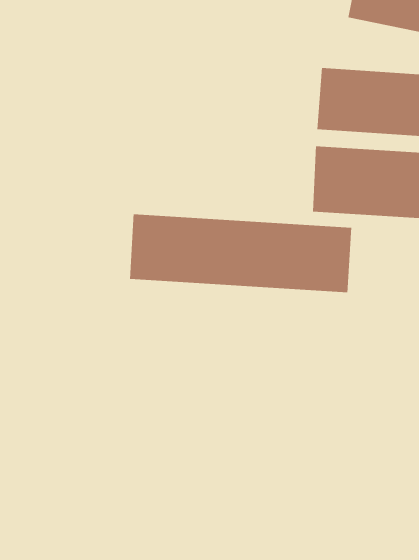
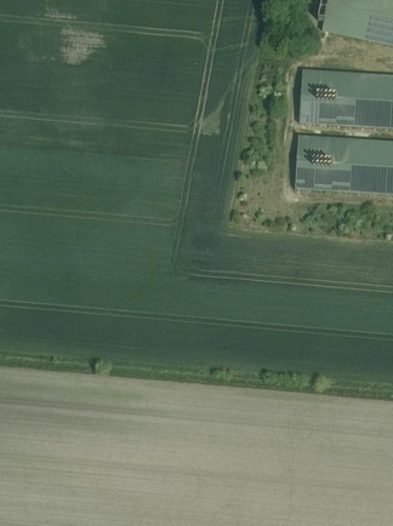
building: [129,213,352,293] -> none

